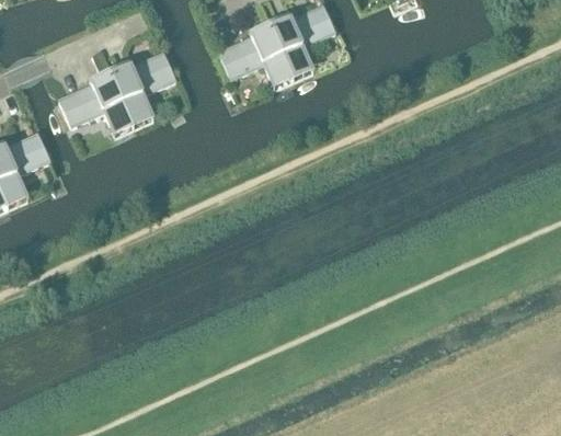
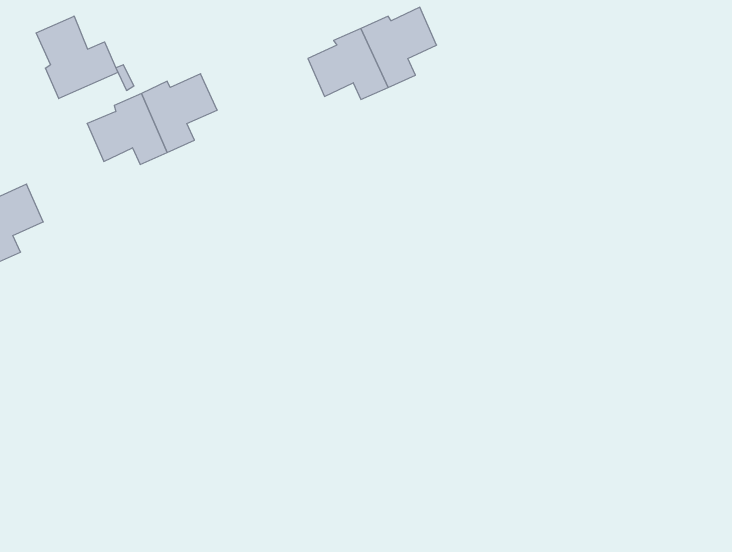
building: none -> [36,16,118,99]

